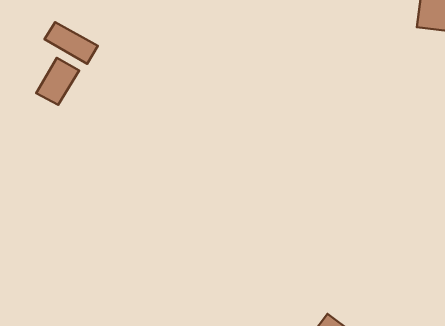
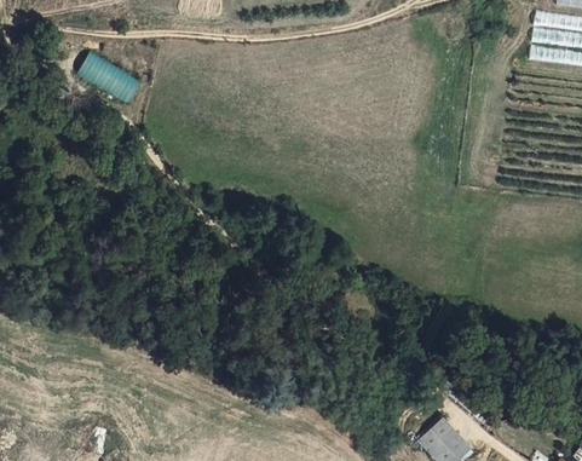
building: [36,58,79,105] -> none

